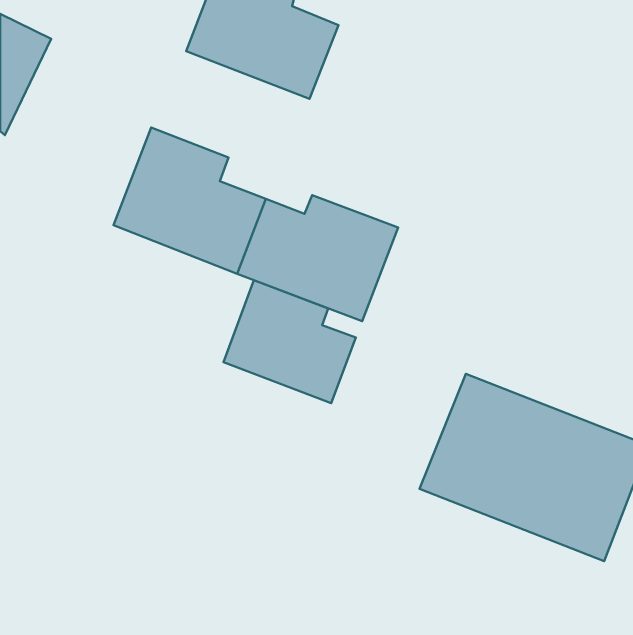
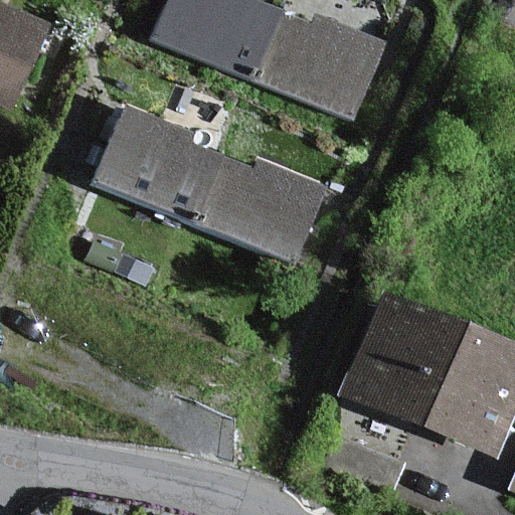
building: none -> [253,16,383,119]
building: [223,280,356,403] -> none

